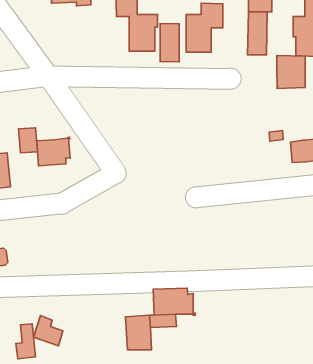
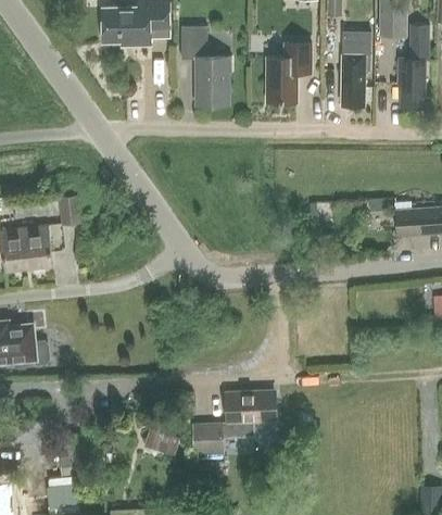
building: [160,23,179,62] -> none
building: [277,56,305,89] -> none
building: [37,137,70,166] -> none
building: [33,316,63,346] -> [143,419,179,456]

